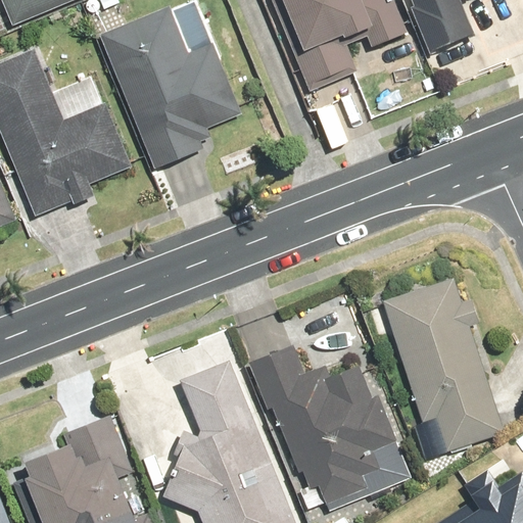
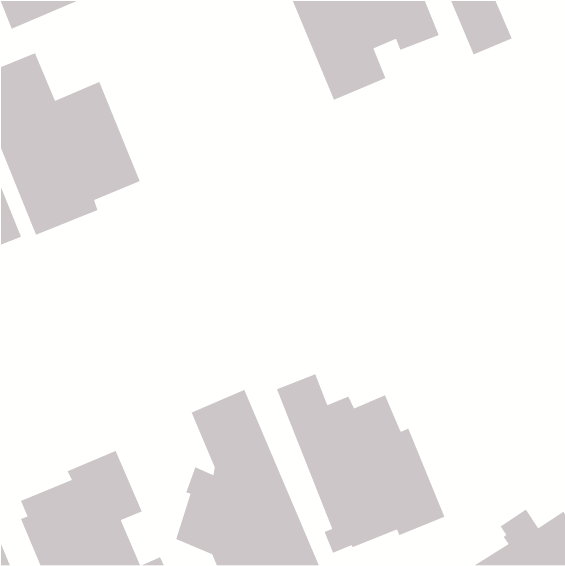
building: [99,6,241,169] -> none
building: [381,278,506,453] -> none

